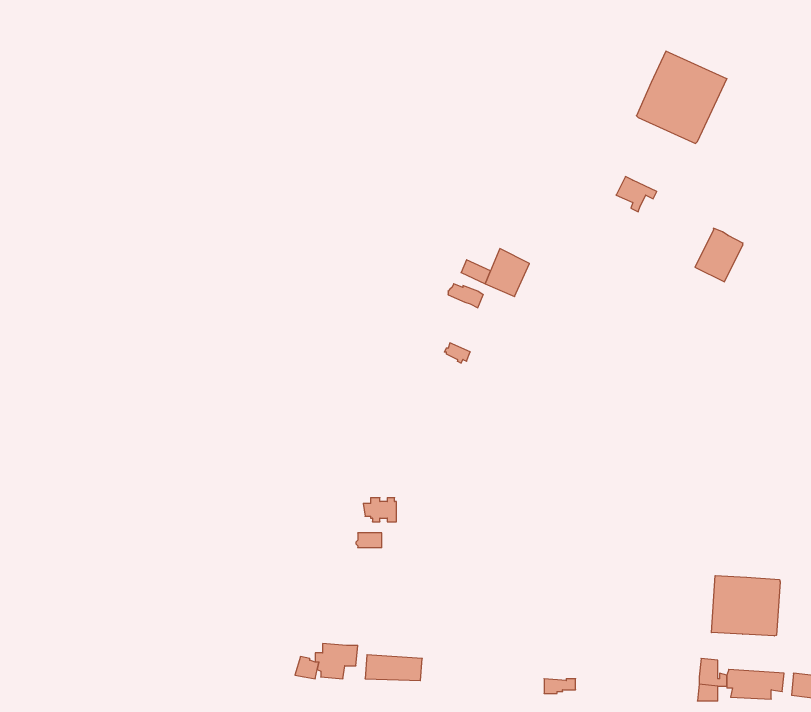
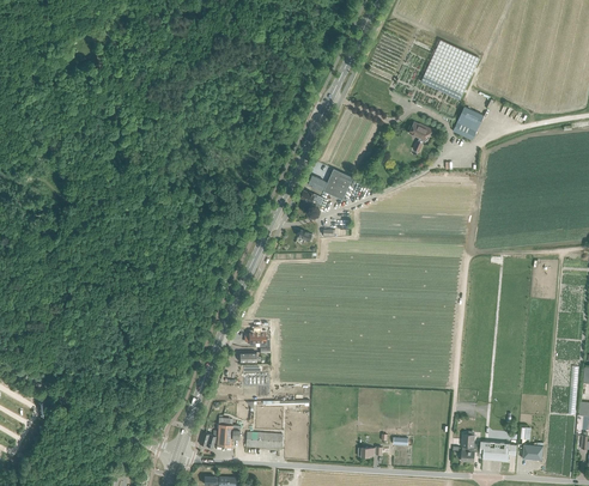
building: [695,228,743,282] -> [453,105,484,140]
building: [711,576,780,636] -> none

